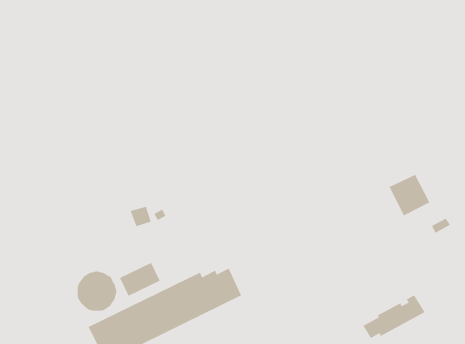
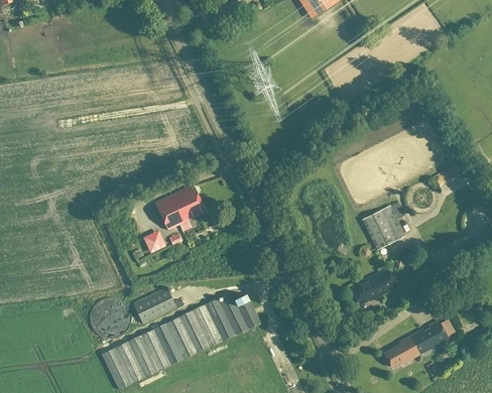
building: none -> [154,184,205,229]
building: [389,174,430,216] -> [362,206,404,249]
building: none -> [351,268,395,302]

